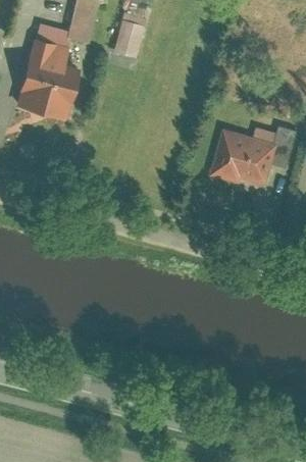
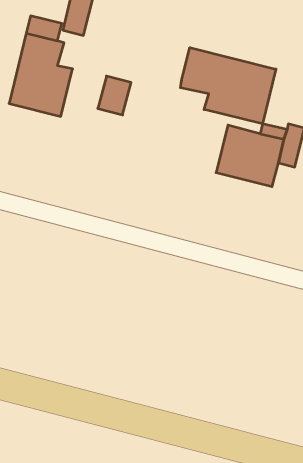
building: [112,20,144,57] -> [98,76,131,115]
building: none -> [180,48,276,124]

